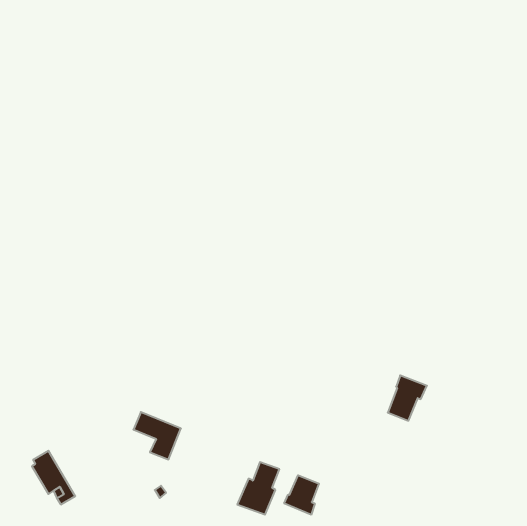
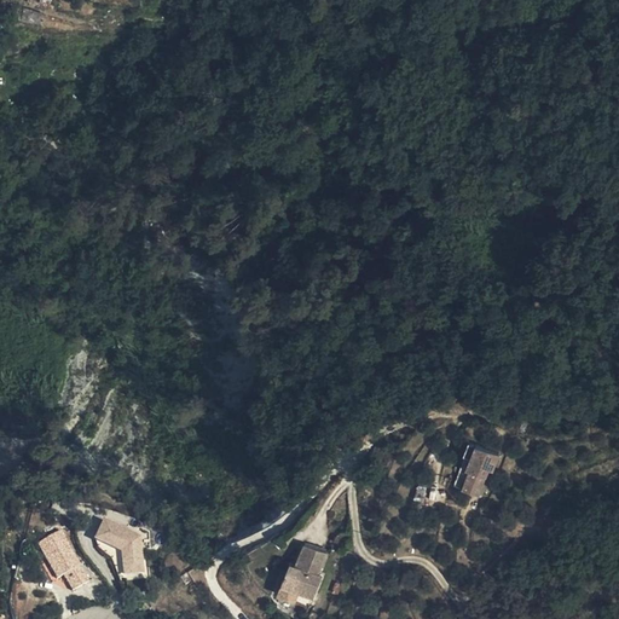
building: [133,412,181,459] -> [94,519,150,574]
building: [284,475,319,515] -> none

